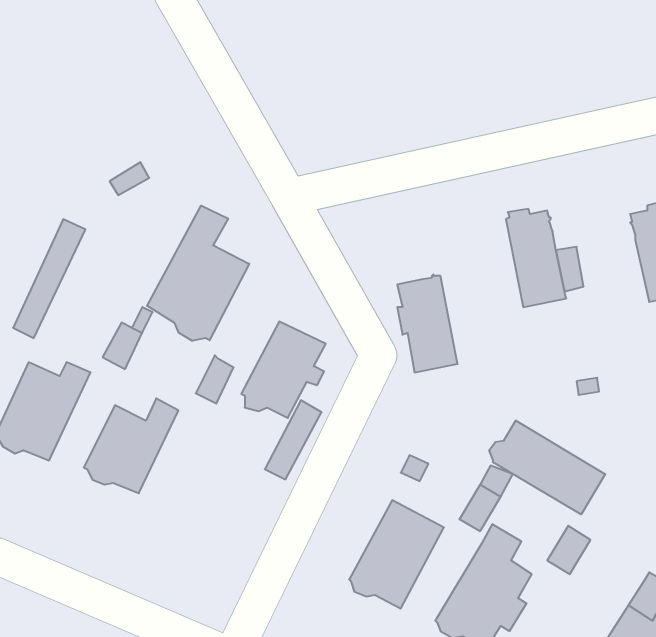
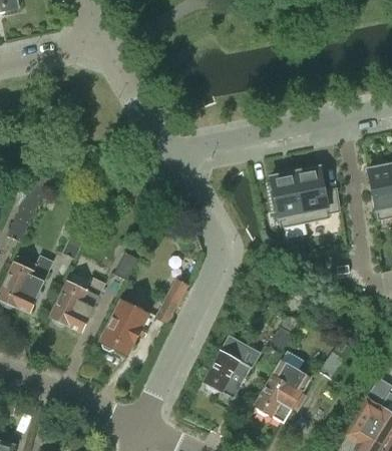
building: [147,206,249,341] -> none
building: [397,274,458,372] -> [270,170,305,228]
building: [241,321,326,418] -> [99,299,148,355]
building: [489,420,605,514] -> none

